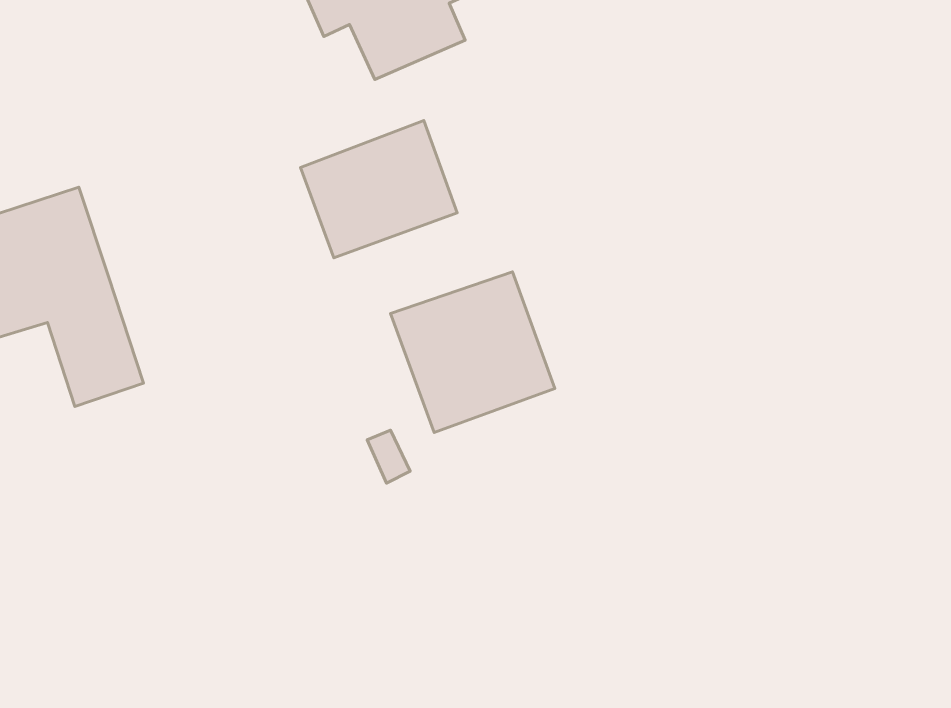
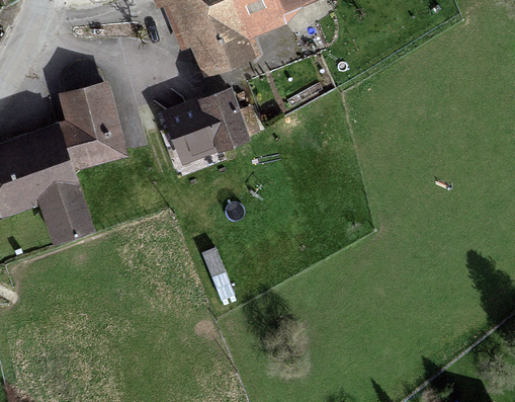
building: none -> [54,80,127,171]
building: [390,272,555,432] -> none

